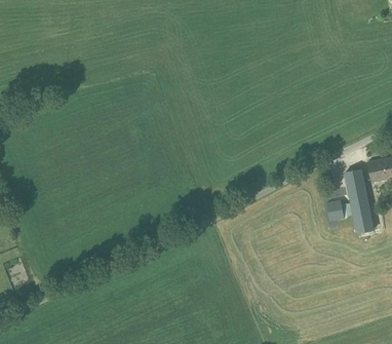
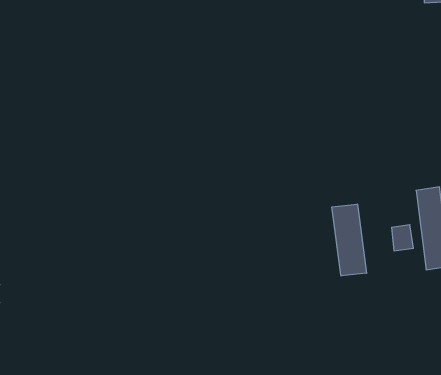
building: none -> [332,204,367,276]

